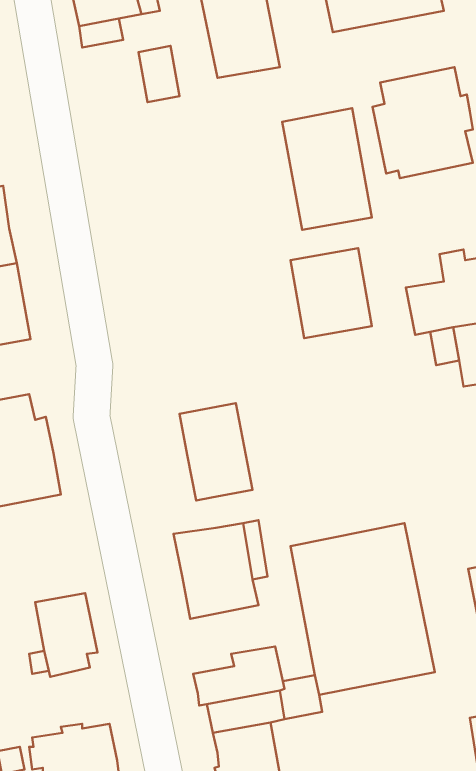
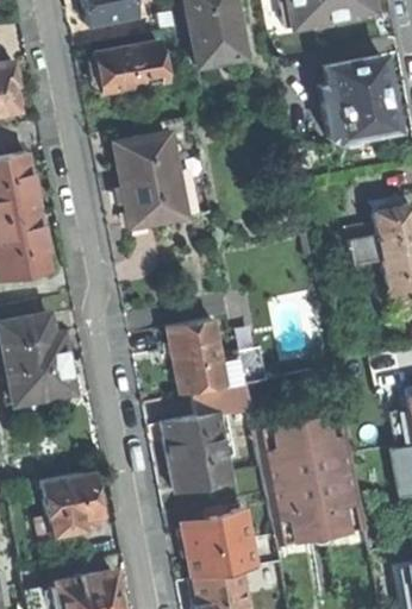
building: none -> [88,44,142,90]
building: [282,108,372,230] -> [113,131,183,226]
building: [290,248,372,338] -> none
building: none -> [192,384,249,416]

